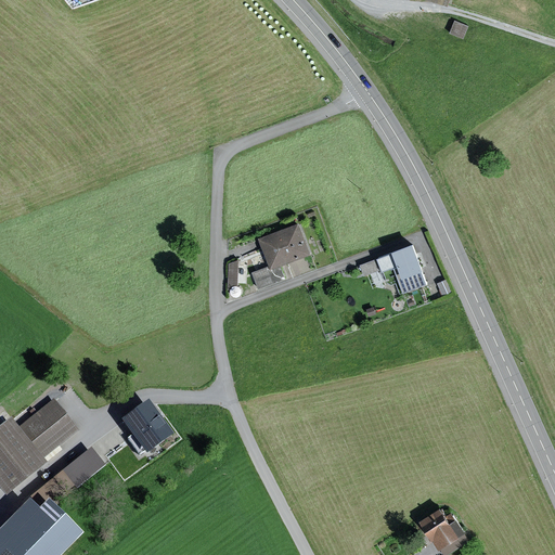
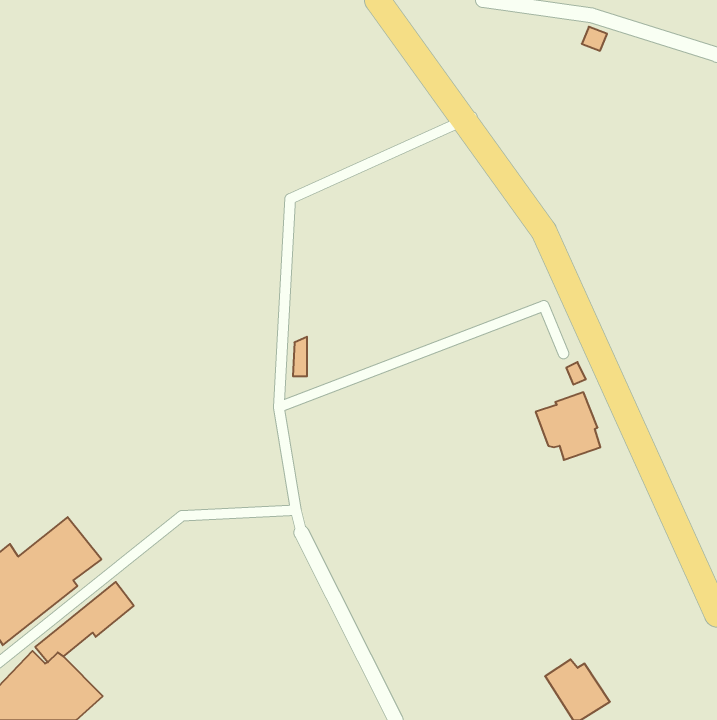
building: [251,222,310,288] -> none
building: [376,242,426,294] -> [536,392,600,460]
building: [118,400,171,455] -> none

